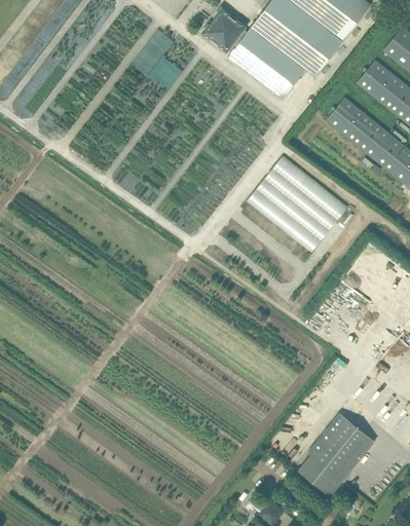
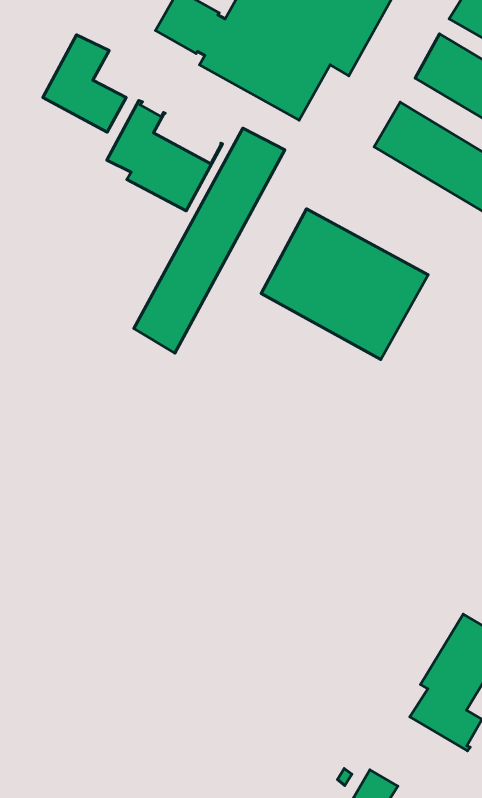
building: none -> [107,100,223,211]
building: none -> [134,128,285,353]

